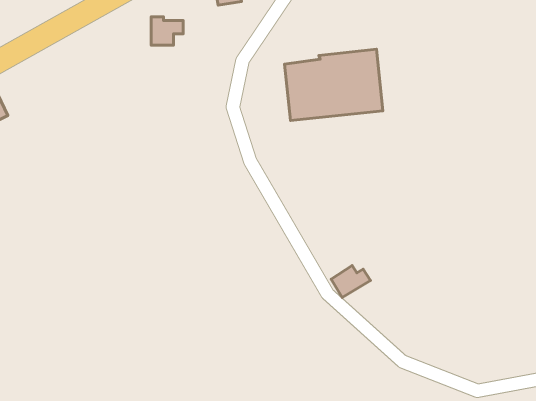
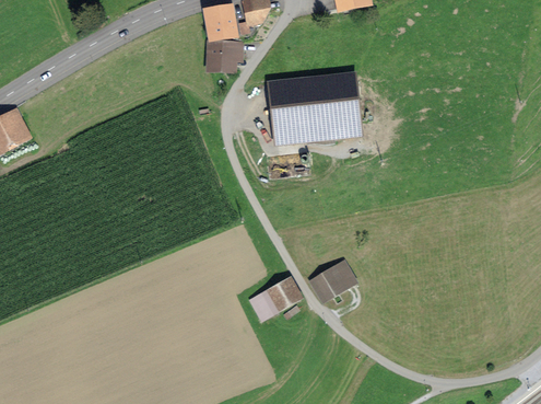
building: [151,17,183,45] -> [211,43,239,68]
building: none -> [261,280,298,312]

